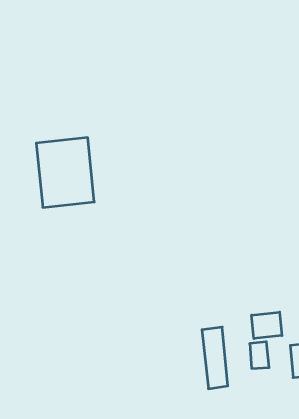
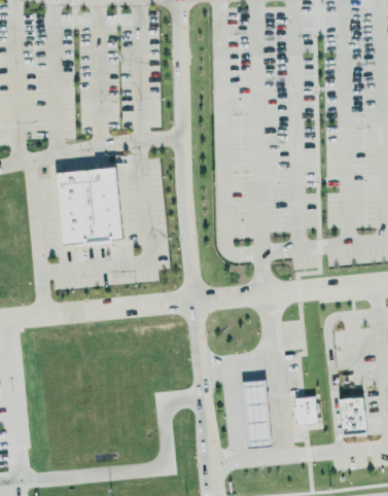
building: [252,312,282,339] -> none

